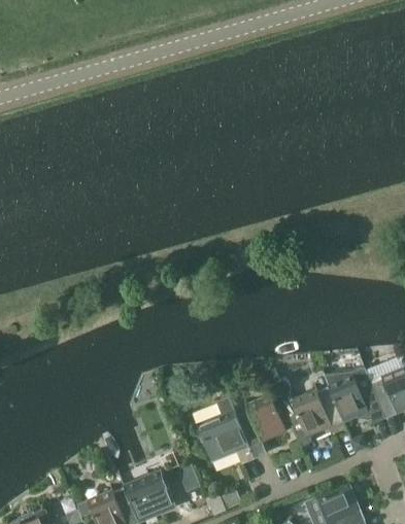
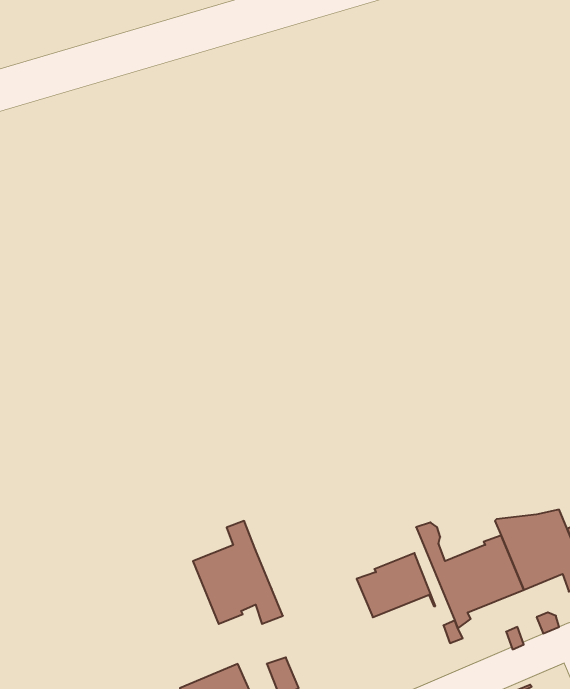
building: [196,397,254,463] -> [193,521,283,624]

